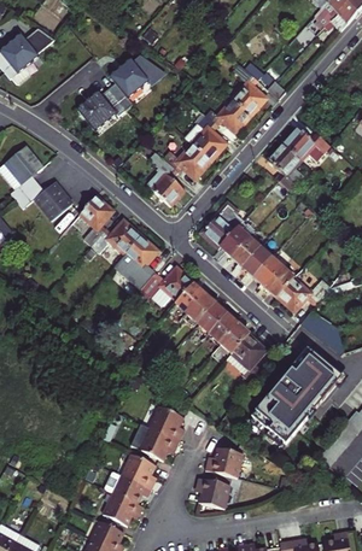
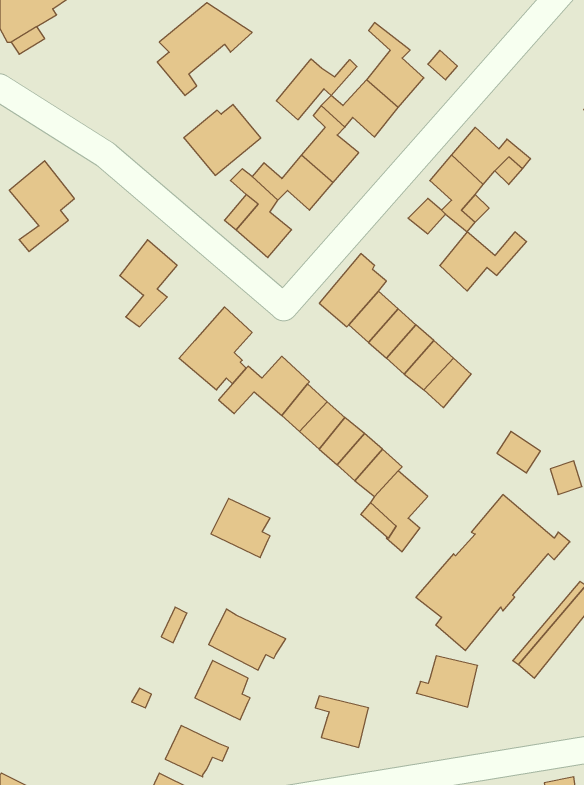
building: none -> [276,59,357,120]
building: [70,87,117,130] -> [184,104,261,175]
building: [22,183,77,222] -> none
building: [89,221,141,257] -> none
building: [275,277,328,313] -> [440,232,527,291]
building: [148,403,185,439] -> [211,498,270,558]
building: [203,444,240,475] -> [416,656,478,707]
building: [104,469,151,503] -> none

